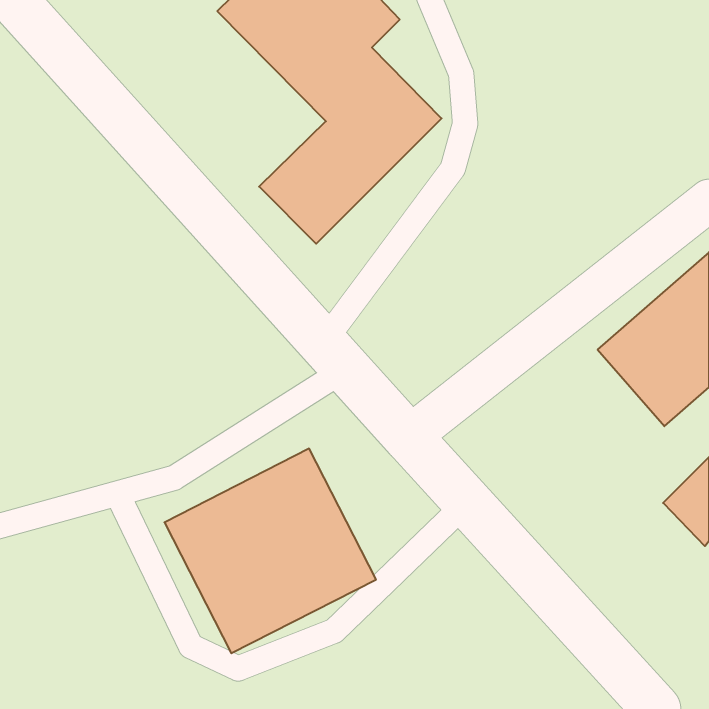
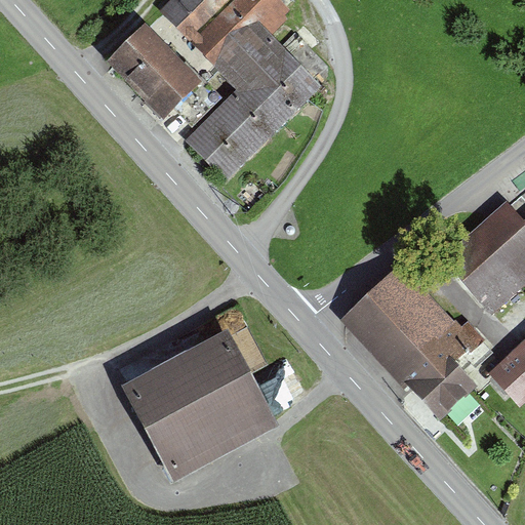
building: none -> [109,25,200,116]
building: none -> [338,258,480,419]

